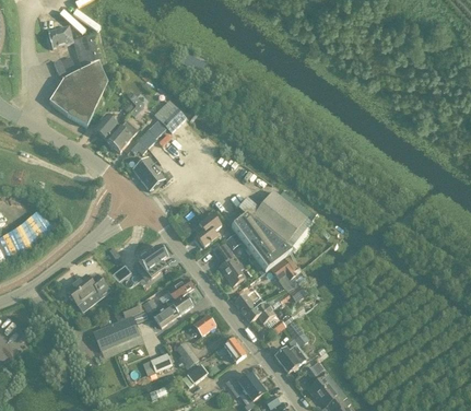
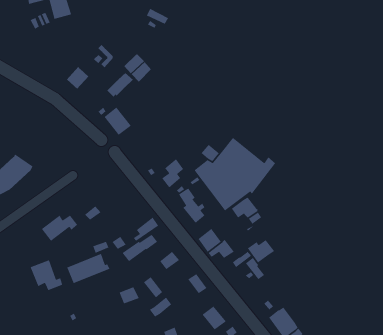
building: [48,63,106,126] -> none
building: [104,120,136,151] -> none
building: [137,244,167,278] -> none
building: none -> [30,259,63,291]
building: [274,345,305,372] -> [247,239,275,263]

